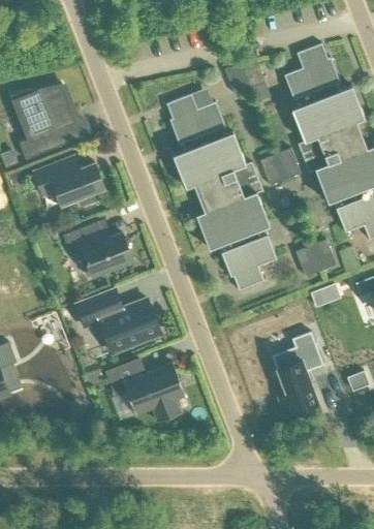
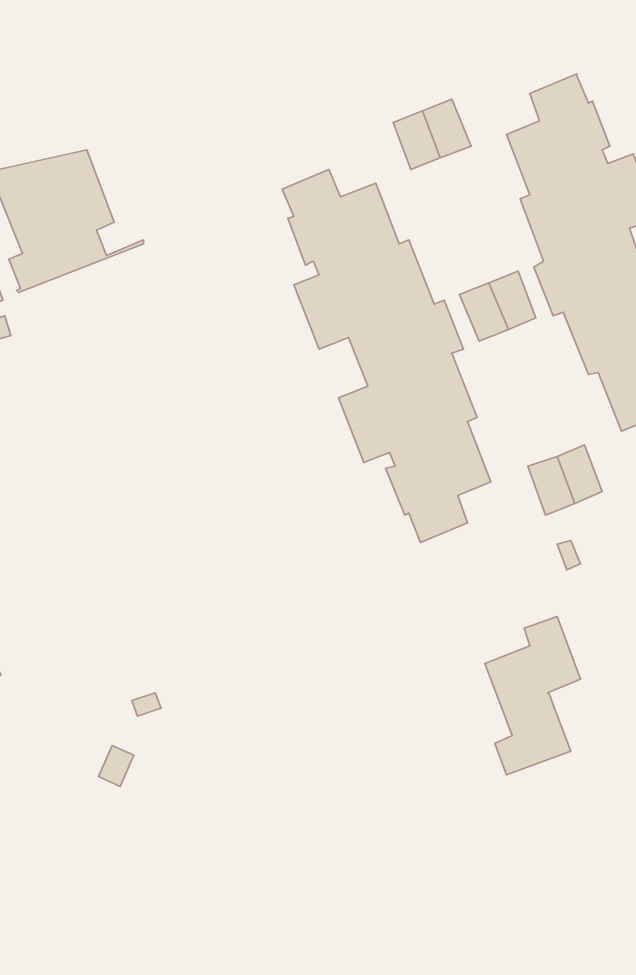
building: [33,155,104,206] -> none
building: [63,221,132,277] -> none
building: [75,290,160,352] -> none
building: [105,360,185,423] -> none

